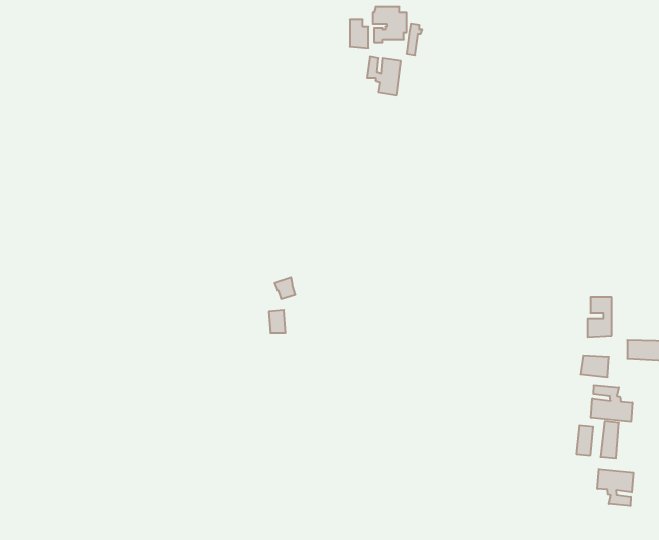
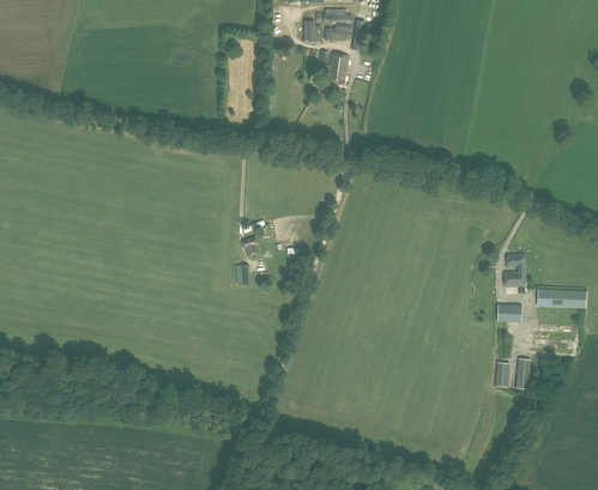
building: [591,385,632,422] -> none
building: [597,469,633,506] -> none

